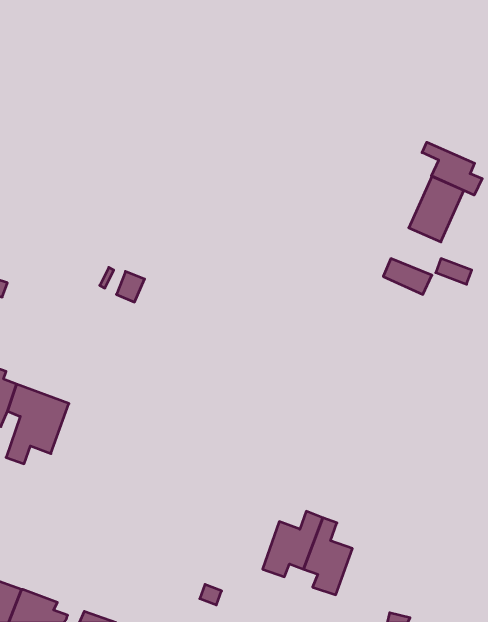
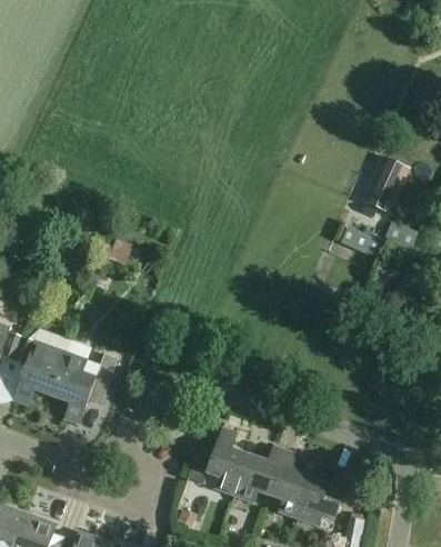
building: [422,142,482,195] -> none
building: none -> [52,352,118,424]
building: none -> [189,428,250,496]
building: none -> [299,469,351,526]

